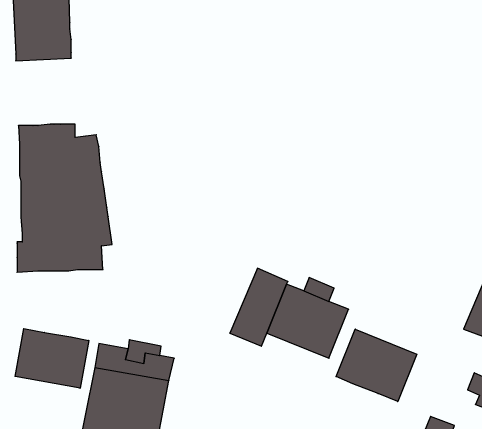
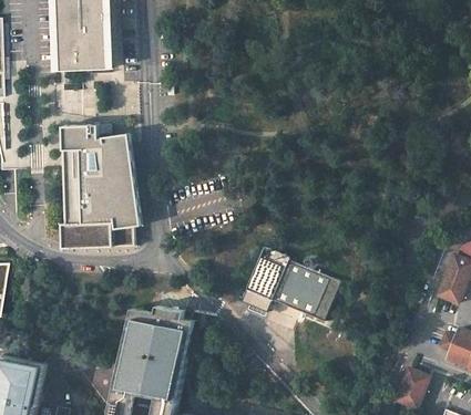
building: [15,329,89,388] -> none
building: [336,329,417,402] -> none

